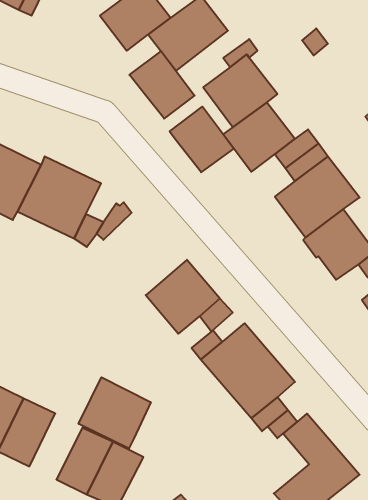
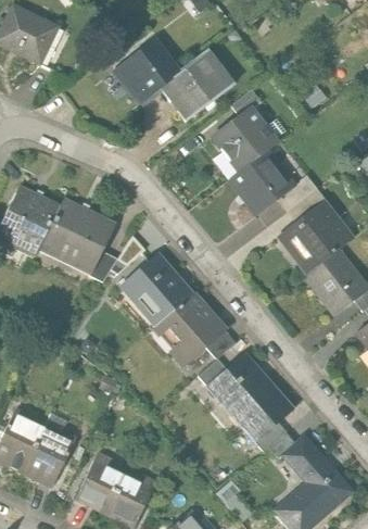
building: [129,51,195,119] -> none
building: [170,107,234,172] -> none
building: none -> [122,254,194,327]
building: [79,377,151,449] -> none

